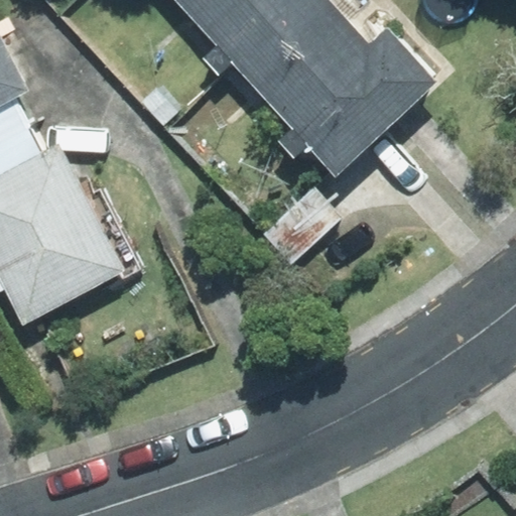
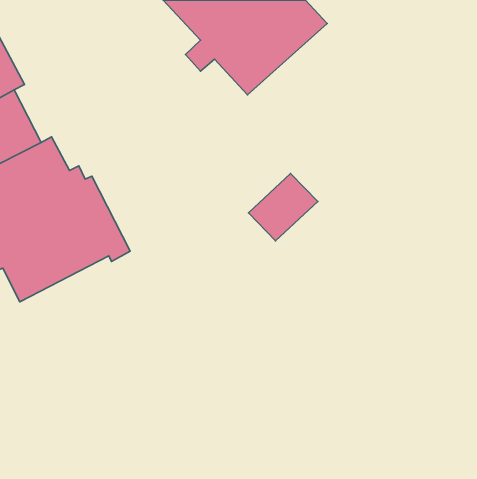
building: [266,25,435,173] -> none

